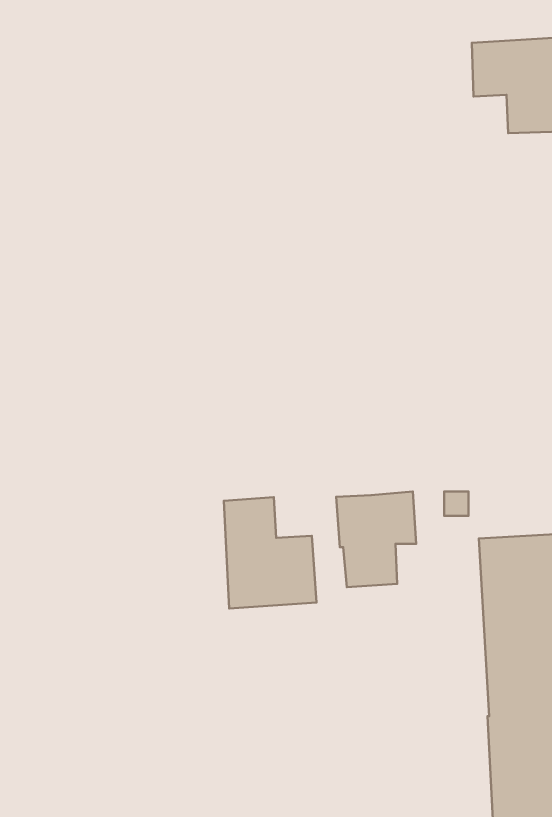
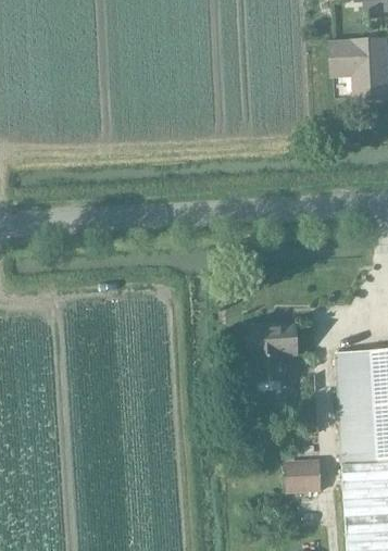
building: [224,497,316,608] -> none
building: none -> [286,467,322,492]

